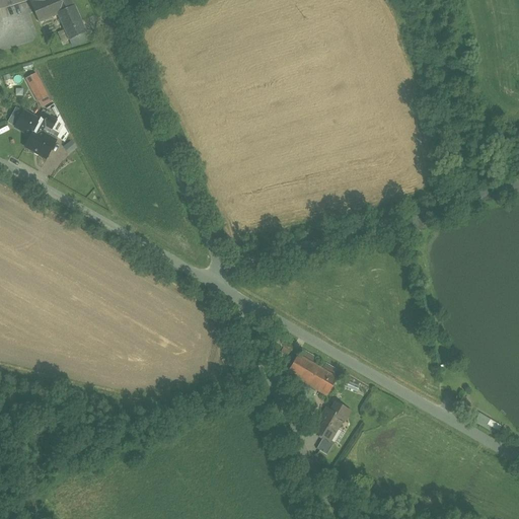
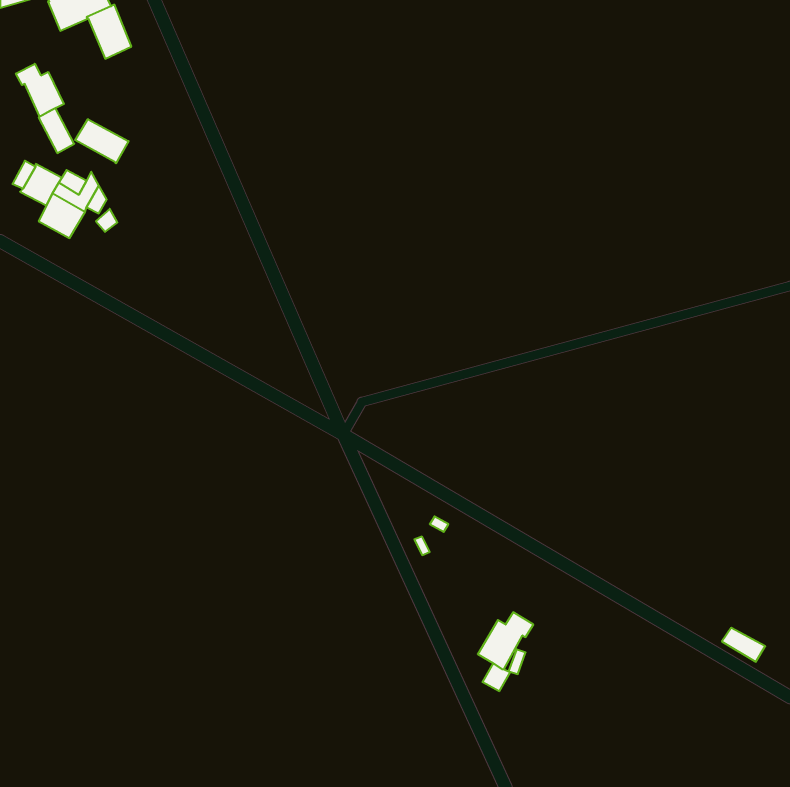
building: none -> [16,64,64,116]
building: none -> [75,119,129,163]
building: [288,353,338,393] -> none

